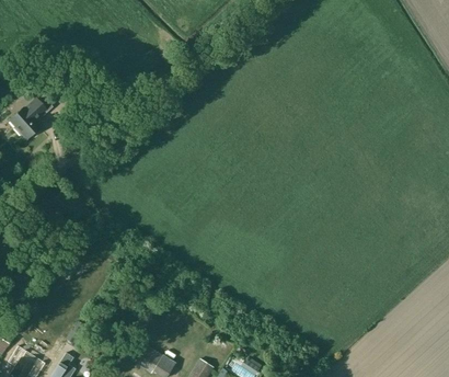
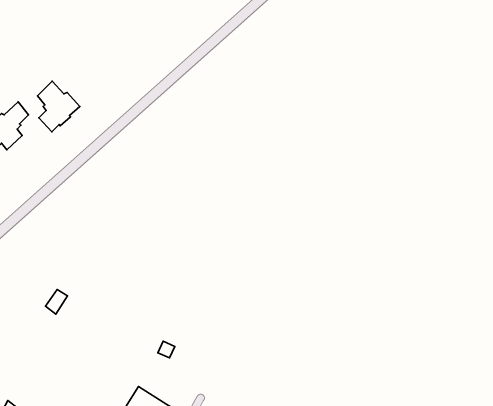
building: none -> [37,81,80,132]

